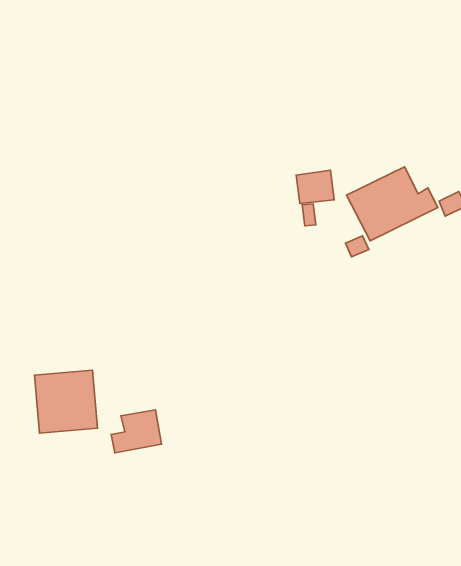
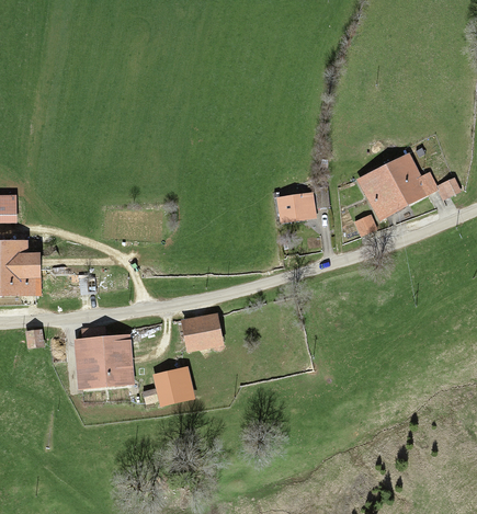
building: [296,170,334,204] -> [274,192,308,221]
building: none -> [183,312,224,350]

